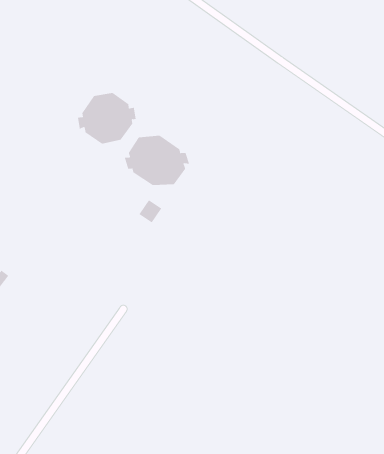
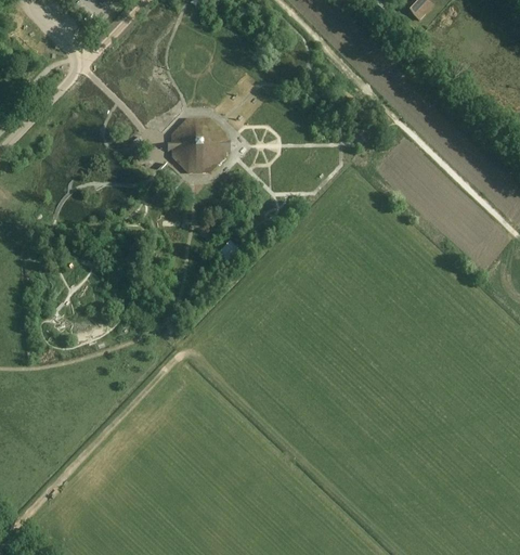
building: [124,135,190,186] -> none

